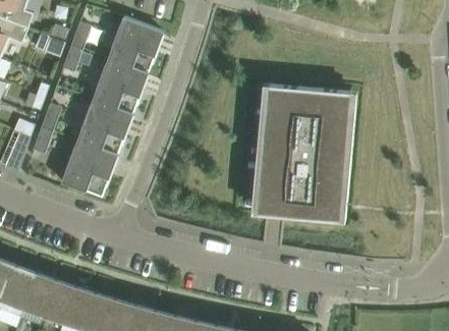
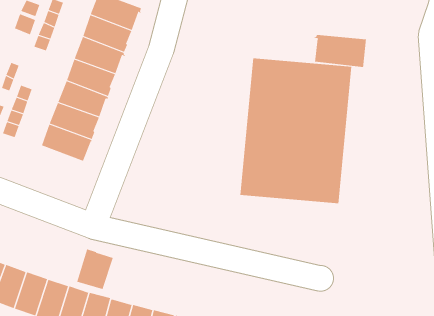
building: none -> [314,34,366,68]
building: [60,161,108,198] -> none
building: none -> [77,249,114,290]

